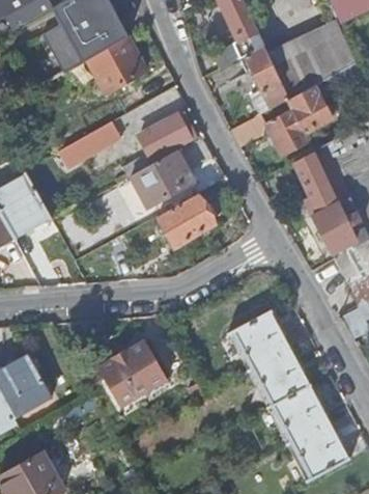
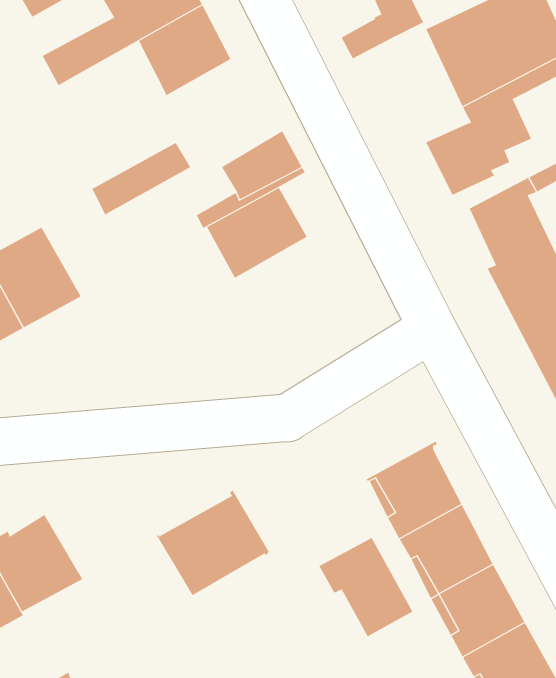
building: [247,47,289,109] -> none
building: [158,193,215,246] -> none
building: none -> [319,537,413,637]

